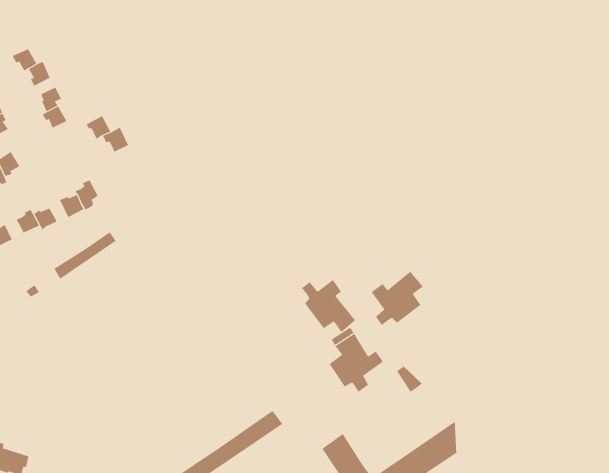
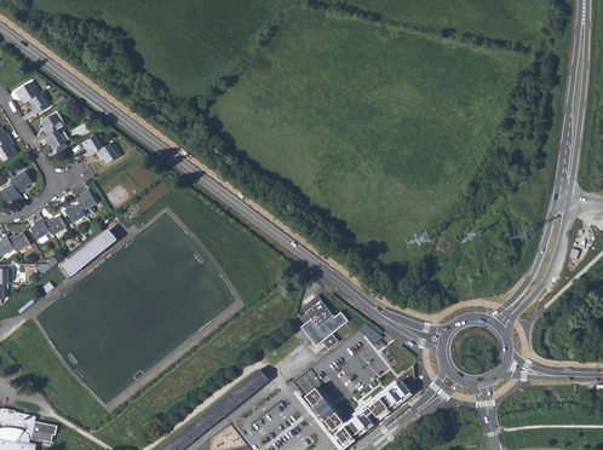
building: [371,271,424,326] -> none
building: [301,279,356,333] -> none

